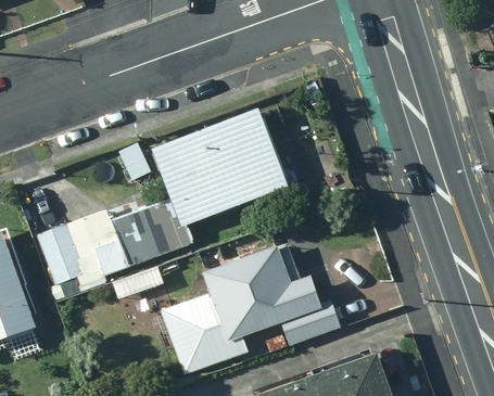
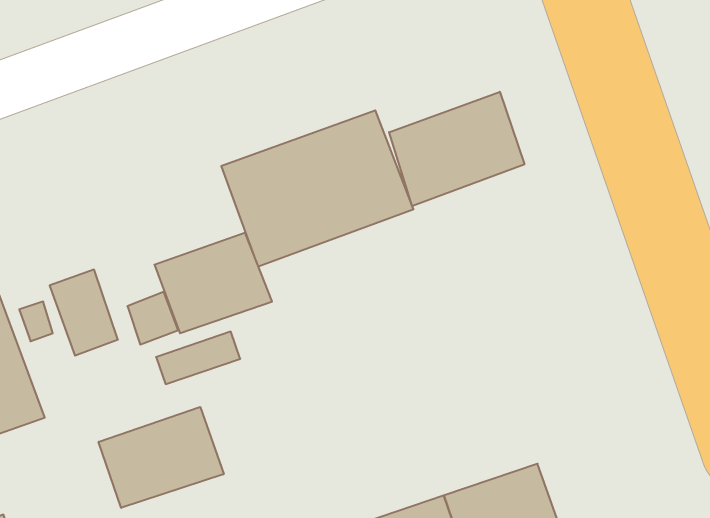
building: none -> [389,92,524,206]
building: [156,248,339,373] -> none
building: none -> [99,407,224,508]

